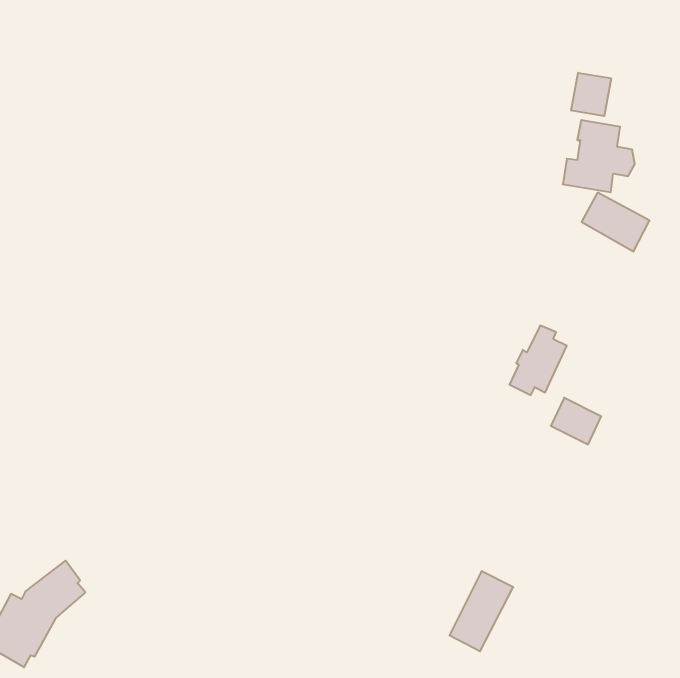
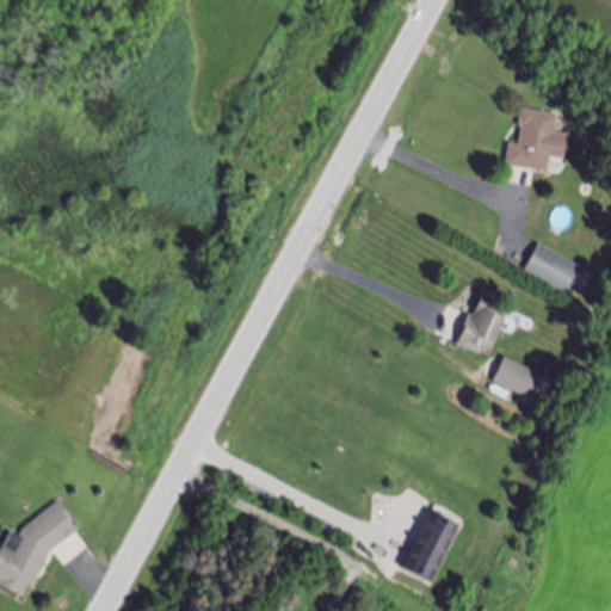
building: [571,73,611,116] -> none
building: [582,193,650,251] -> [524,242,585,295]

